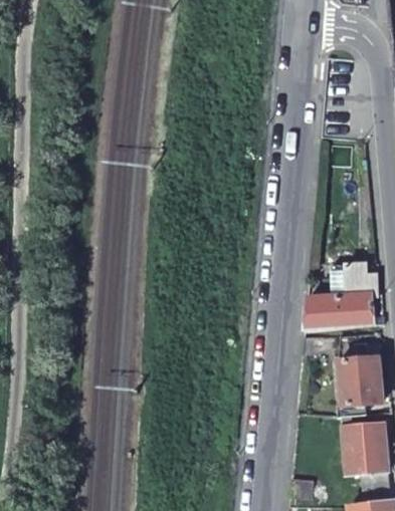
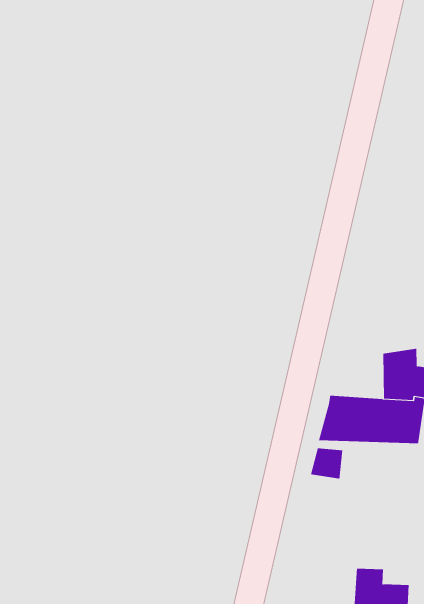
building: [337,357,379,416] -> none

